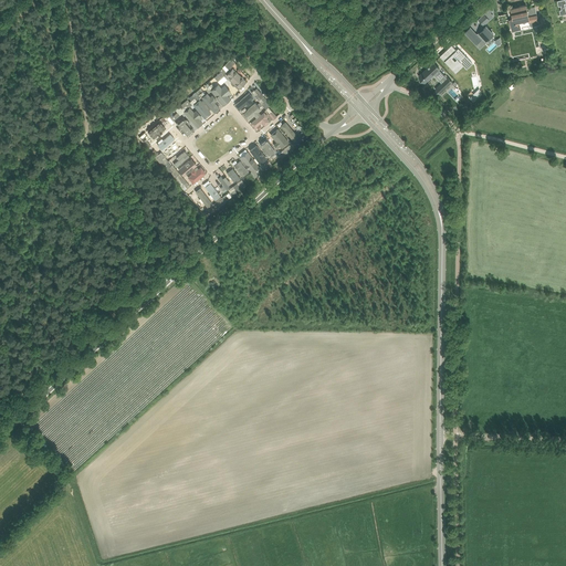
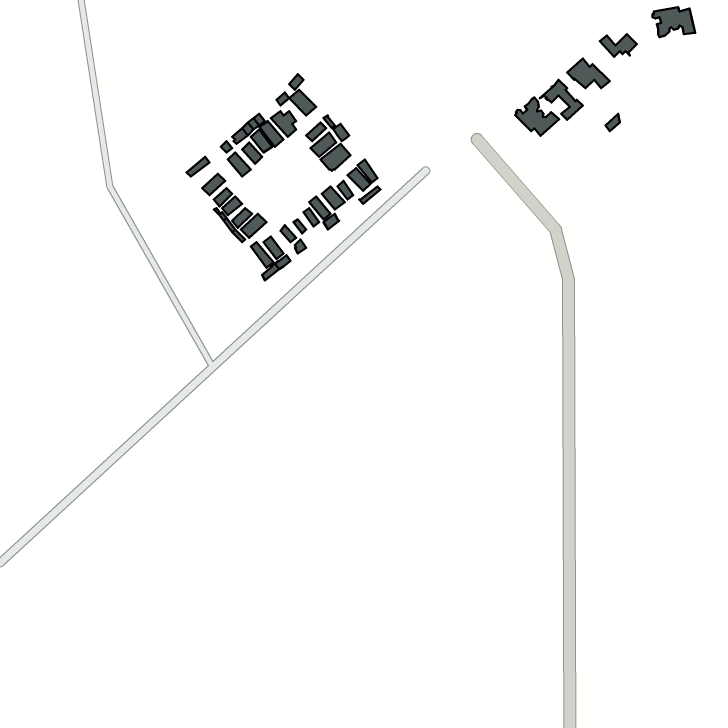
building: none -> [515,97,559,136]

